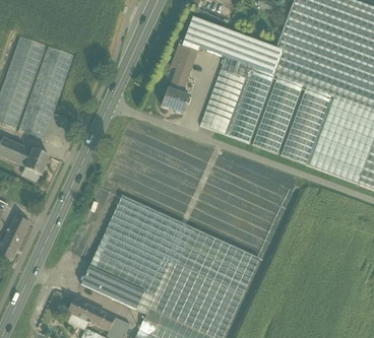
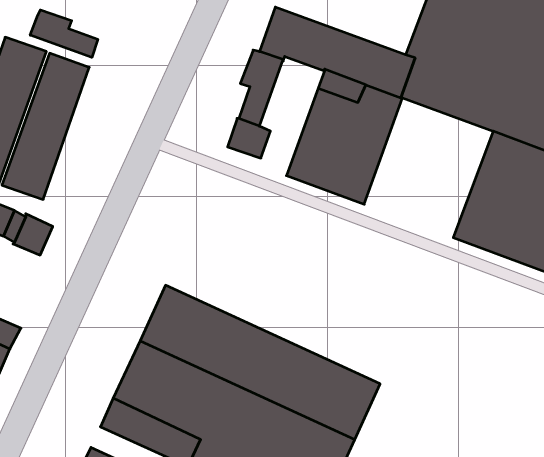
building: none -> [30,10,98,57]
building: [249,75,331,164] -> none

